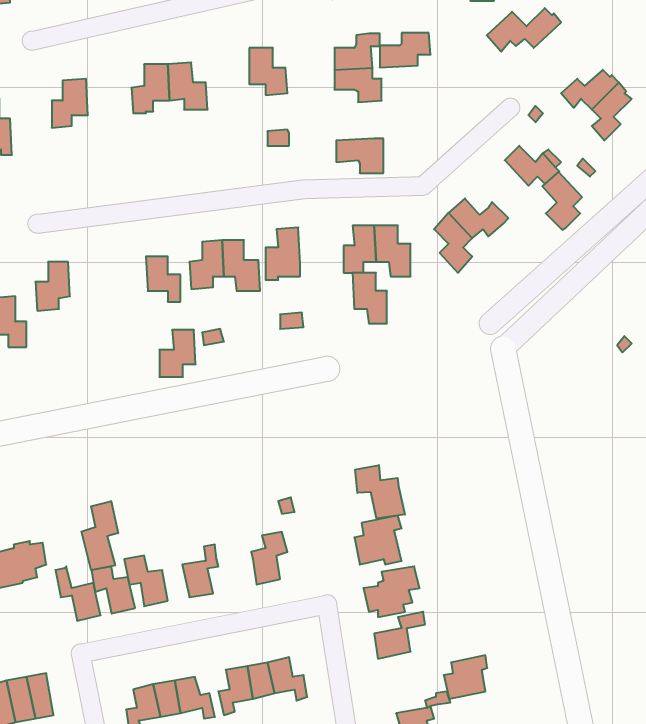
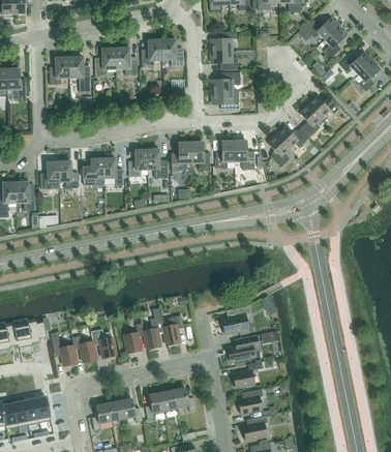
building: none -> [324,25,348,61]
building: [380,33,431,67] -> [212,72,241,92]
building: none -> [142,39,162,67]
building: none -> [69,57,91,92]
building: [542,172,582,230] -> [299,103,322,137]
building: none -> [59,161,79,188]
building: [352,273,387,323] -> [190,142,210,171]
building: [159,330,196,377] -> [84,158,104,185]
building: [355,465,405,519] -> none
building: [81,501,118,570] -> none
building: none -> [144,317,164,349]
building: [444,655,487,699] -> [238,389,263,414]

